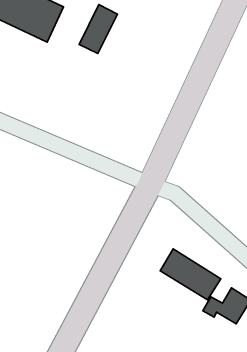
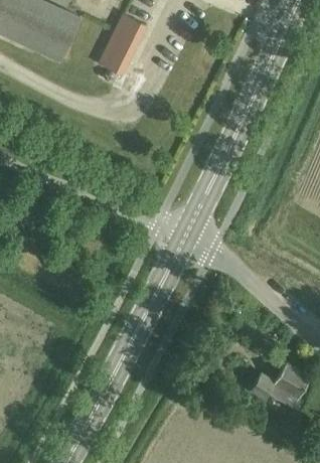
building: [160,249,221,300] -> none

